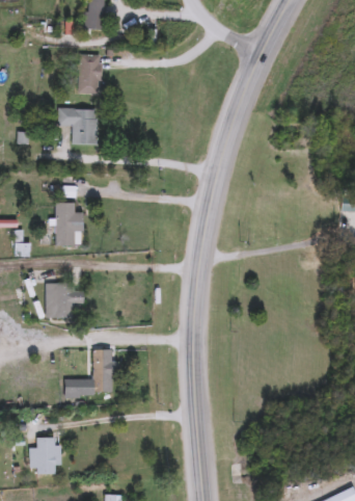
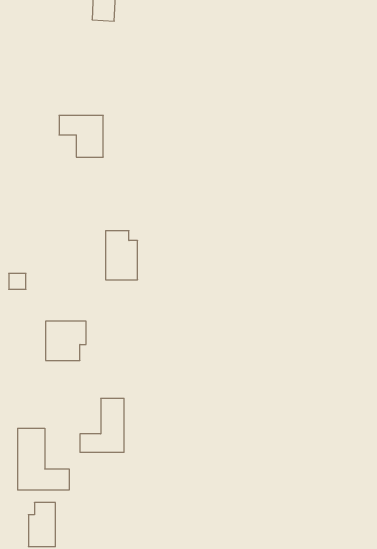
building: [79,54,101,94] -> none
building: [56,204,83,245] -> [106,231,138,280]
building: none -> [18,428,69,490]

